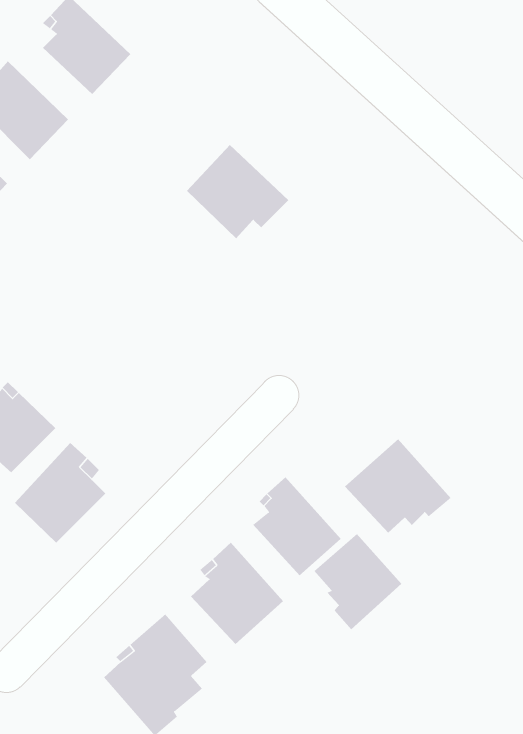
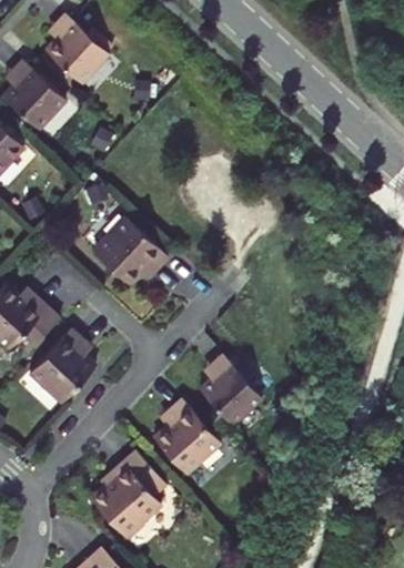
building: [186,144,289,239] -> [93,219,166,286]
building: [344,439,451,534] -> none
building: [313,533,402,630] -> none

